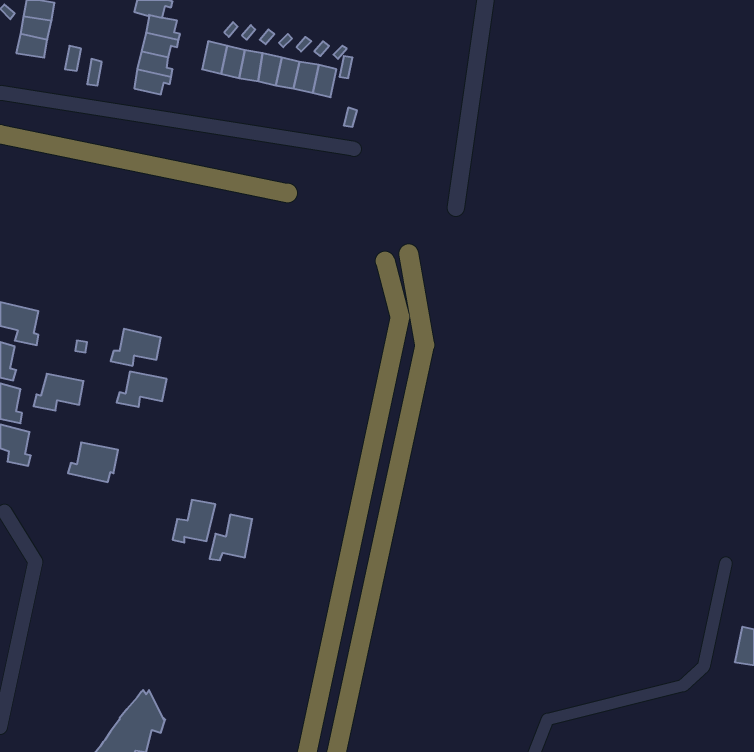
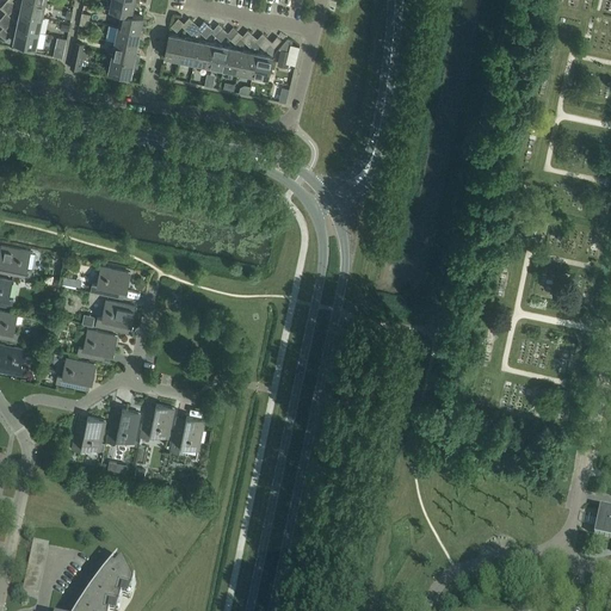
building: [33,374,84,411] -> [76,331,117,360]
building: none -> [106,411,140,445]
building: none -> [72,418,105,452]

